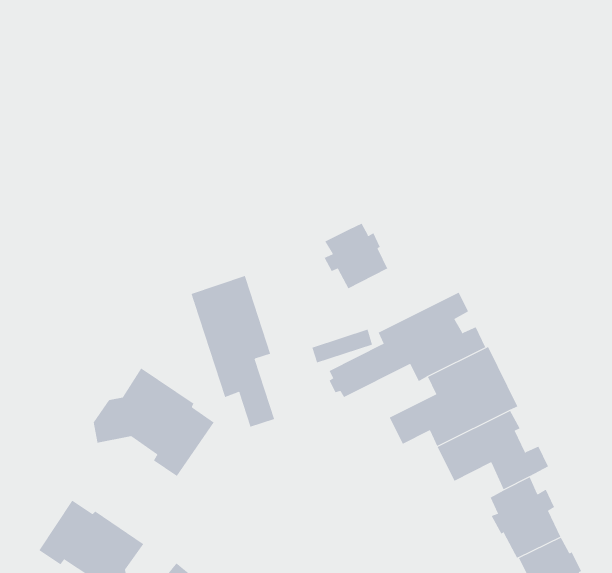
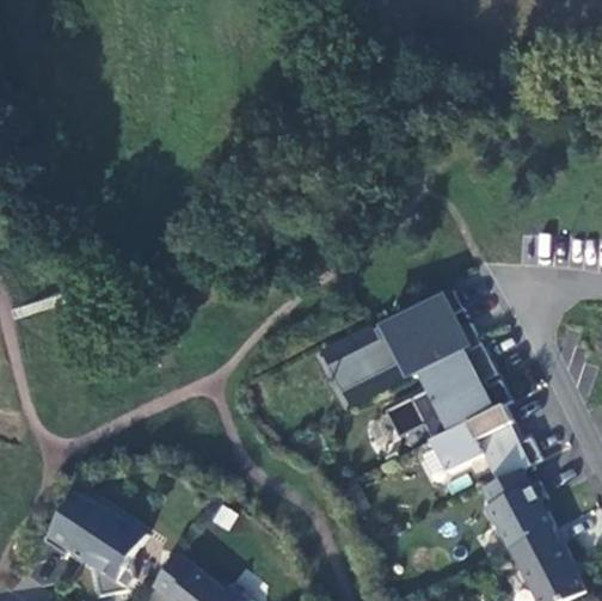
building: [324,223,388,289] -> none
building: [191,275,275,427] -> none
building: [93,367,215,477] -> none

